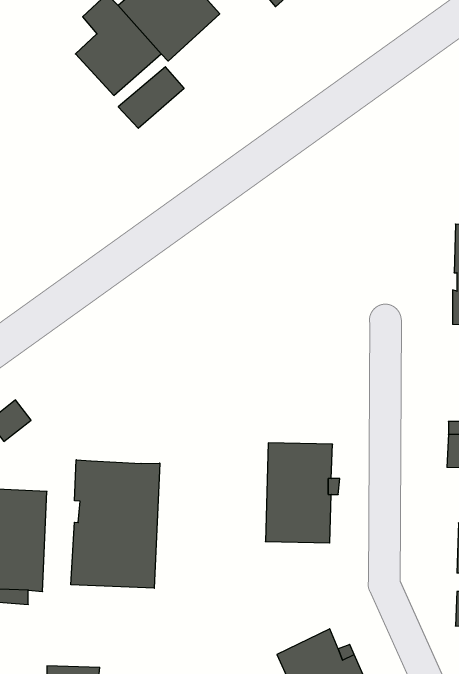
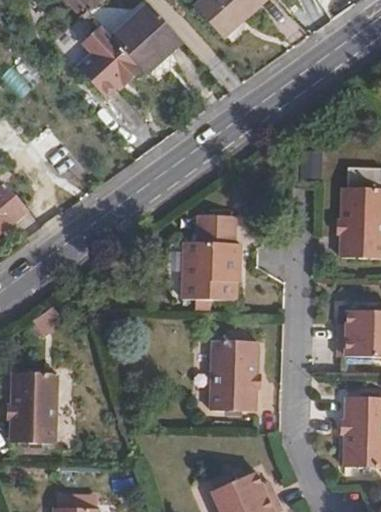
building: none -> [182,214,241,299]
building: [71,460,160,588] -> none

